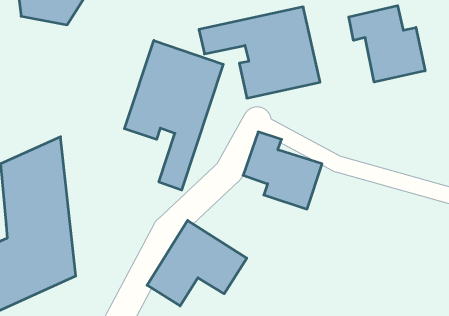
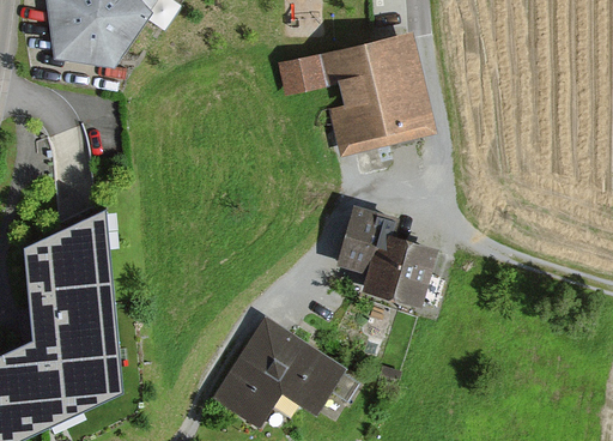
building: [349,6,425,82] -> none
building: [124,40,223,190] -> none

